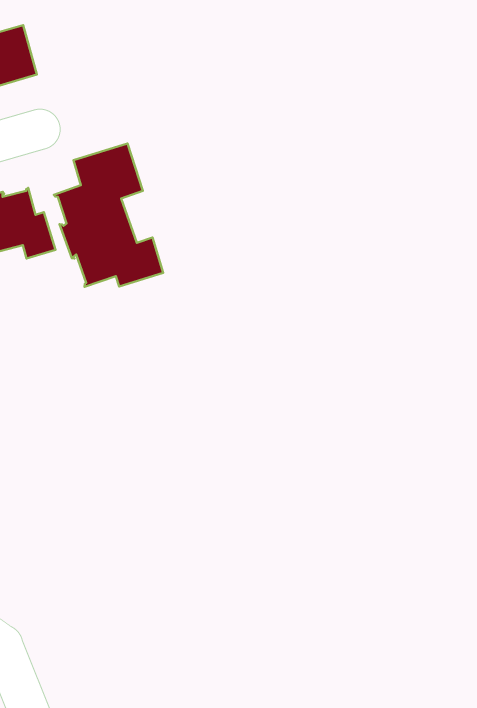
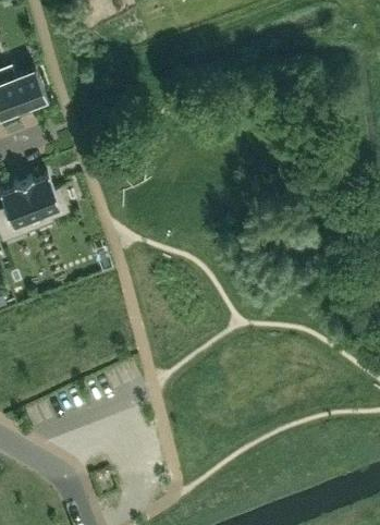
building: [54,144,163,287] -> none

